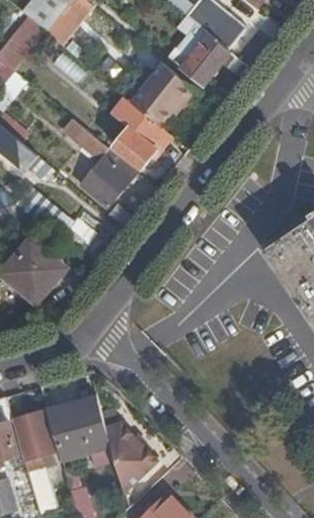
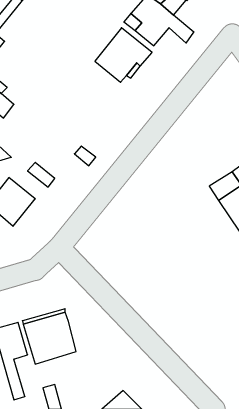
building: [112,97,169,167] -> none
building: [73,126,136,205] -> none
building: [100,412,157,492] -> none

